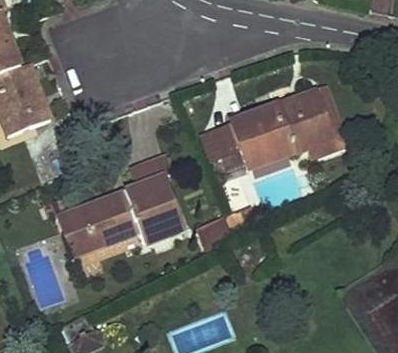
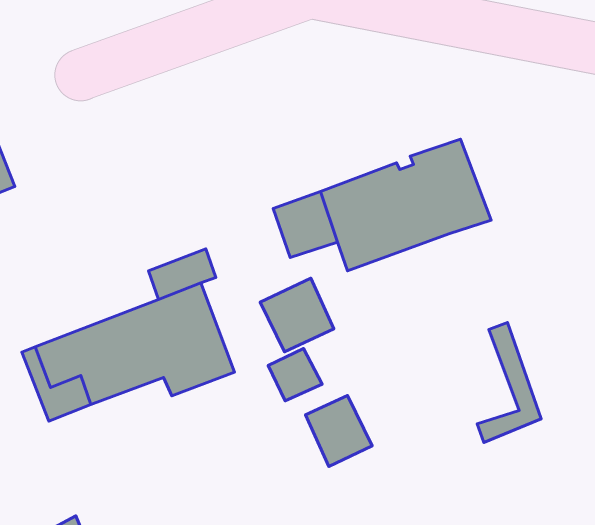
building: [308,87,346,158] -> [477,323,541,443]
building: none -> [260,278,334,352]
building: none -> [305,395,372,467]

